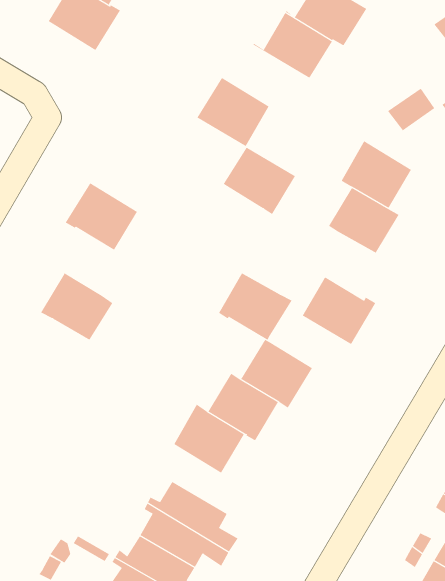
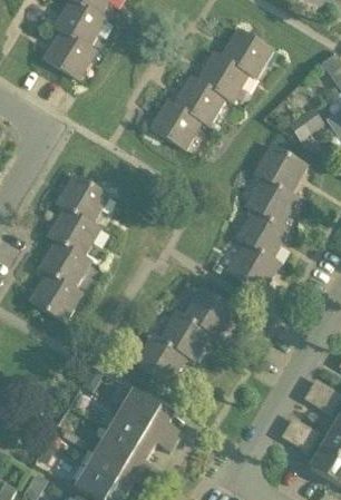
building: [215,147,296,215] -> [168,76,226,125]
building: none -> [47,207,99,256]
building: [218,273,293,341] -> [235,210,289,259]
building: none -> [30,273,81,322]

